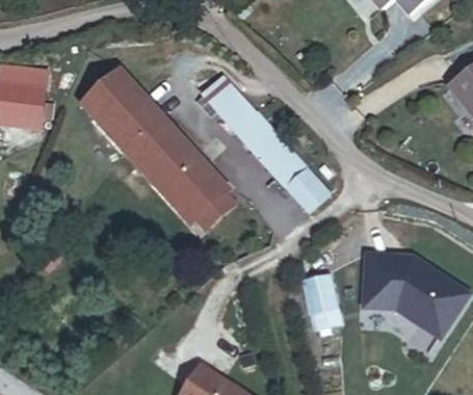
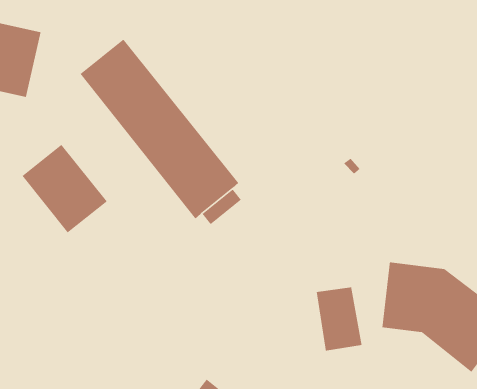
building: [203,77,329,209] -> none
building: none -> [21,144,108,234]

